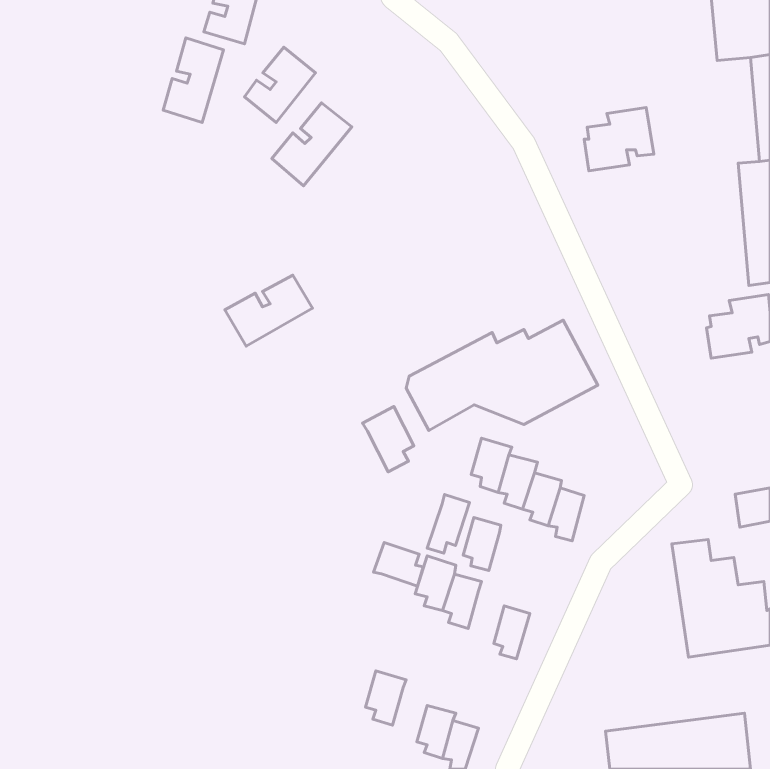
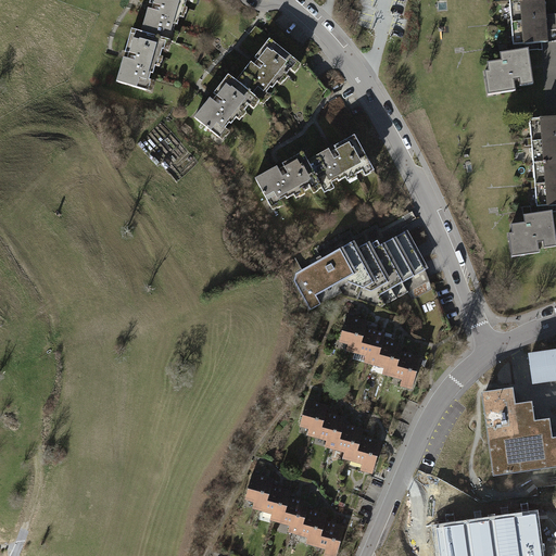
building: [245,47,316,123] -> [247,37,298,91]
building: [584,107,654,171] -> [484,49,534,94]
building: none -> [319,131,374,179]
building: [225,275,312,346] -> [256,150,319,201]
building: [362,407,414,472] -> none
building: [427,495,470,553] -> none
building: [463,517,501,570] -> [337,425,364,463]
building: [374,543,423,586] -> none
building: none -> [243,469,273,508]
building: none -> [282,494,309,533]

